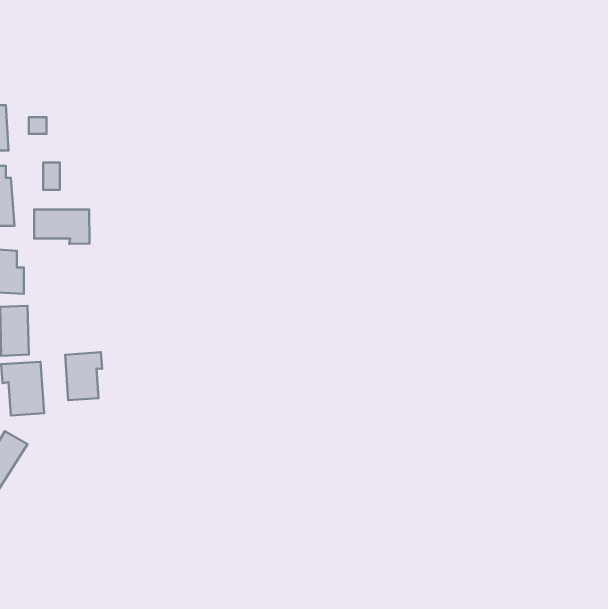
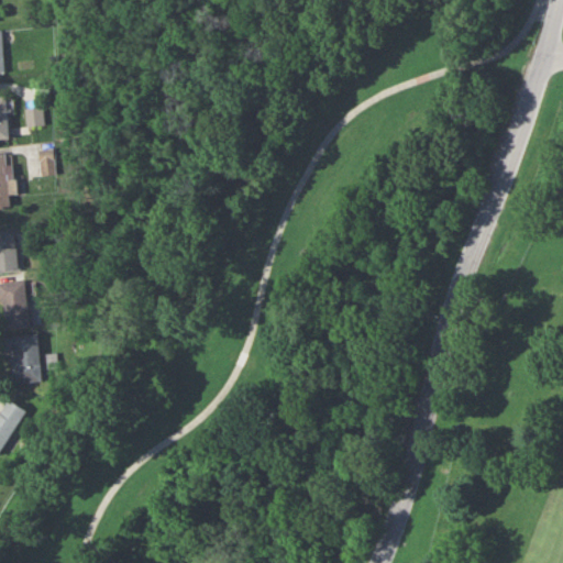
building: [34,210,90,244] -> none
building: [65,352,102,400] -> none

